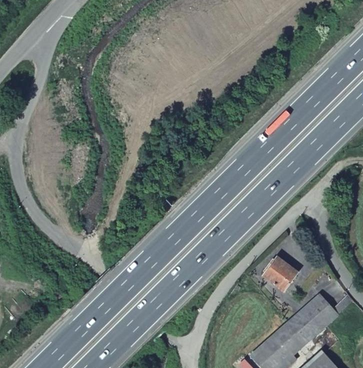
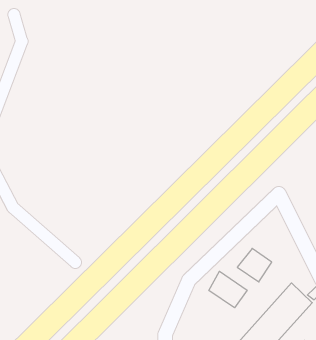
building: none -> [209,271,247,308]

